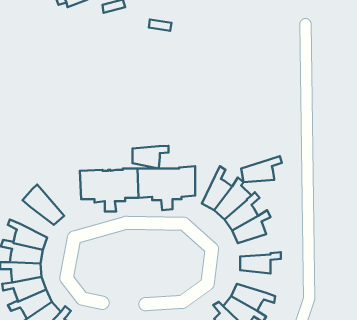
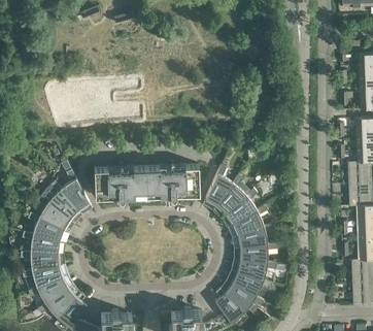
building: [132,146,169,169] -> none
building: [241,156,282,182] -> [238,223,275,246]
building: none -> [61,169,90,209]
building: none -> [33,195,70,229]
building: none -> [237,259,277,279]

